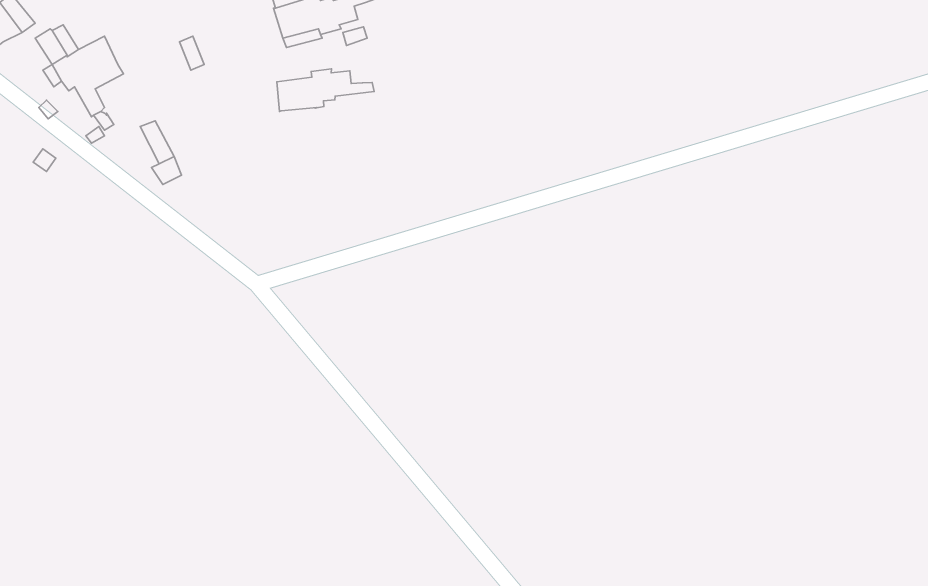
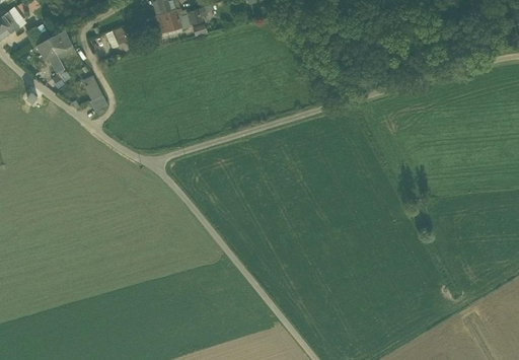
building: [277,69,374,111] -> none

